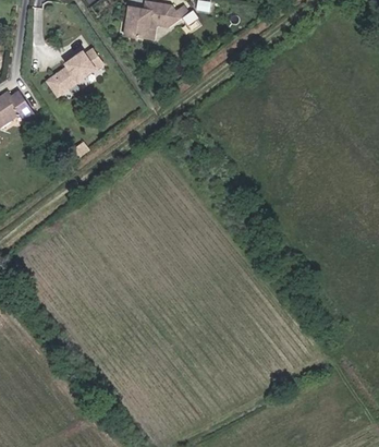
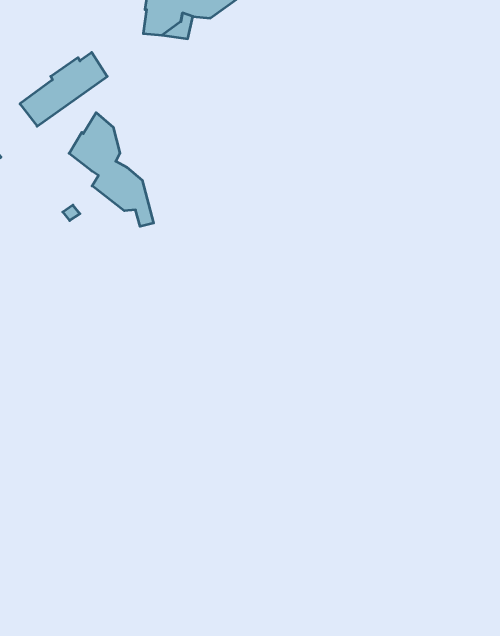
building: none -> [69,113,154,226]

